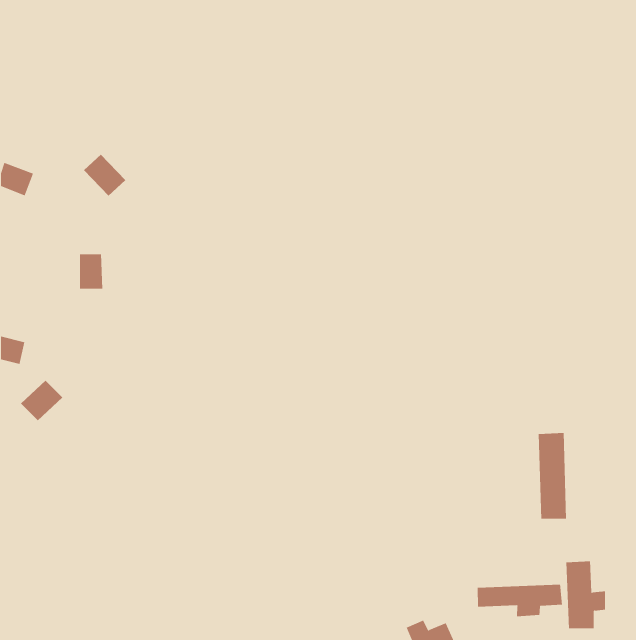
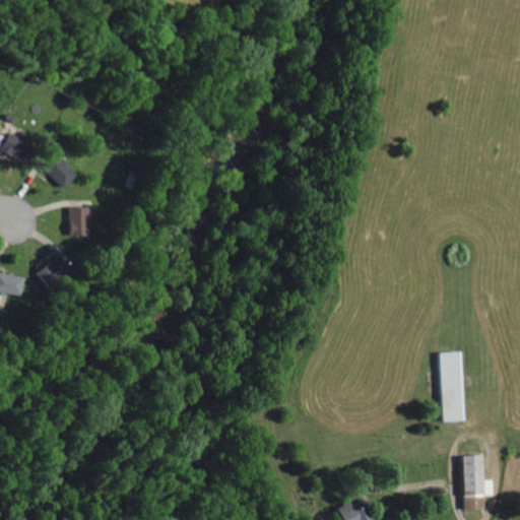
building: [83,154,126,196] -> [45,154,79,189]
building: [20,380,63,421] -> [37,255,71,288]
building: [477,584,563,617] -> none

